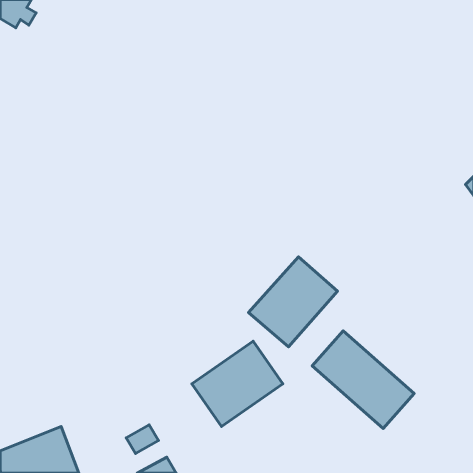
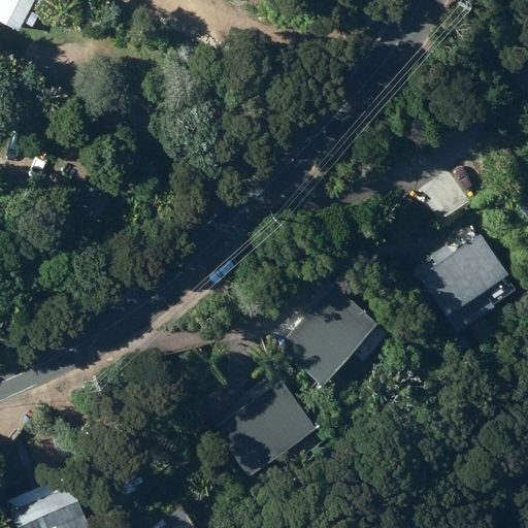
building: none -> [422,237,516,331]
building: [312,331,414,429] -> none

